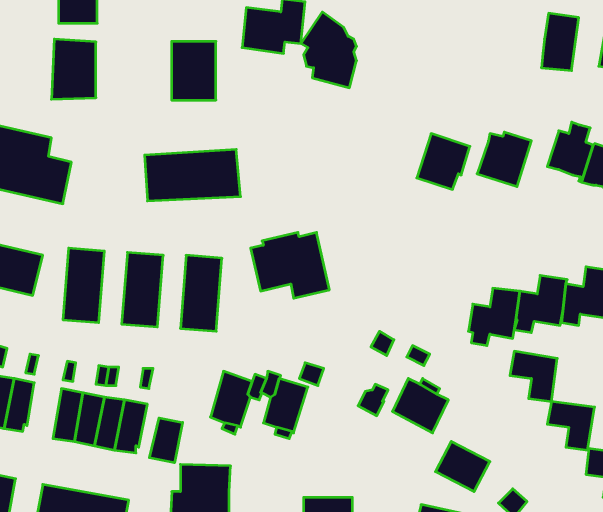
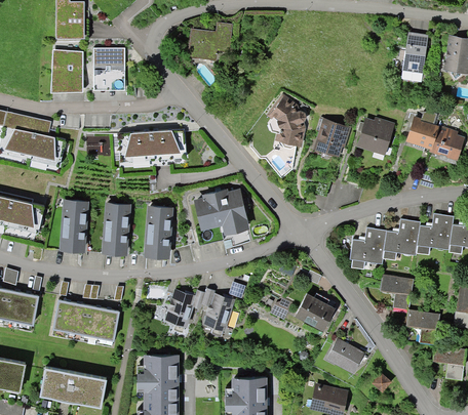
building: [301,12,357,88] -> [266,93,306,148]
building: [172,41,216,100] -> [92,48,124,90]
building: [149,418,183,463] -> none

